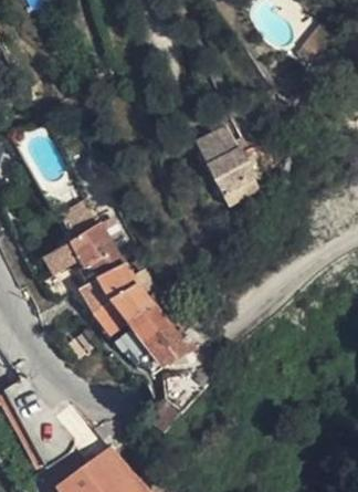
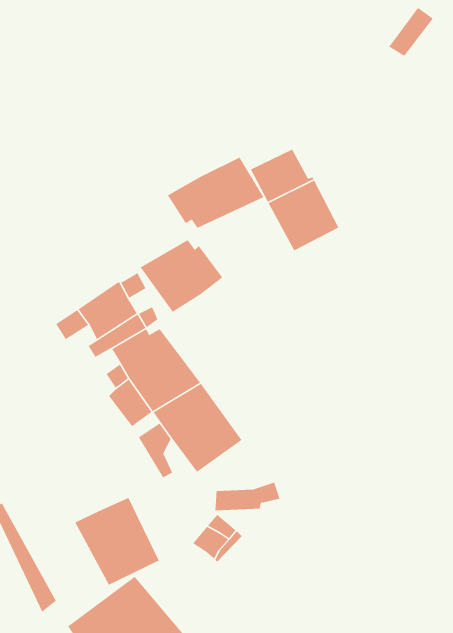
building: none -> [167,156,265,229]
building: none -> [140,239,223,313]
building: none -> [74,497,160,586]

